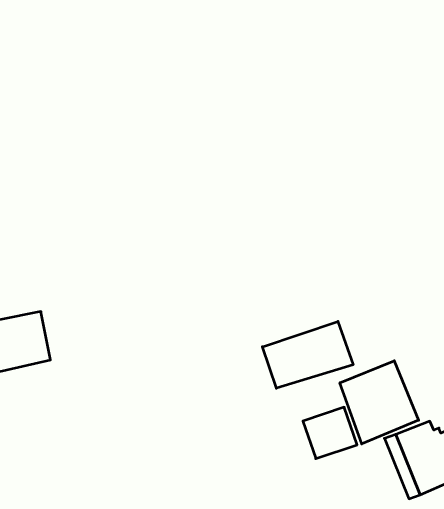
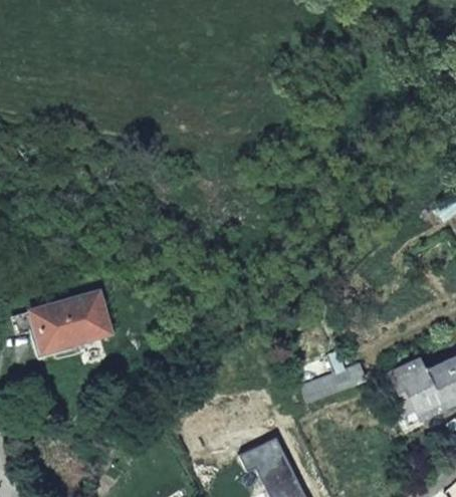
building: [262,321,353,388] -> none
building: [340,361,419,444] -> none

